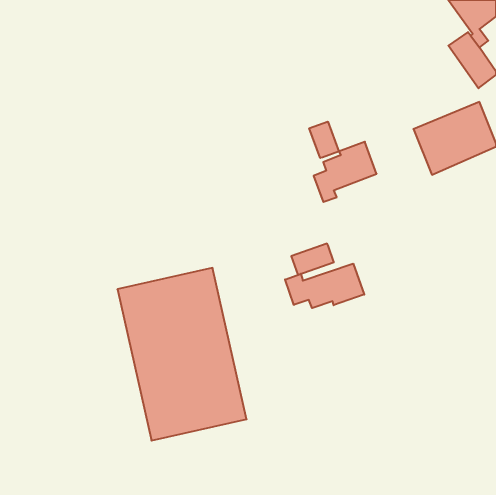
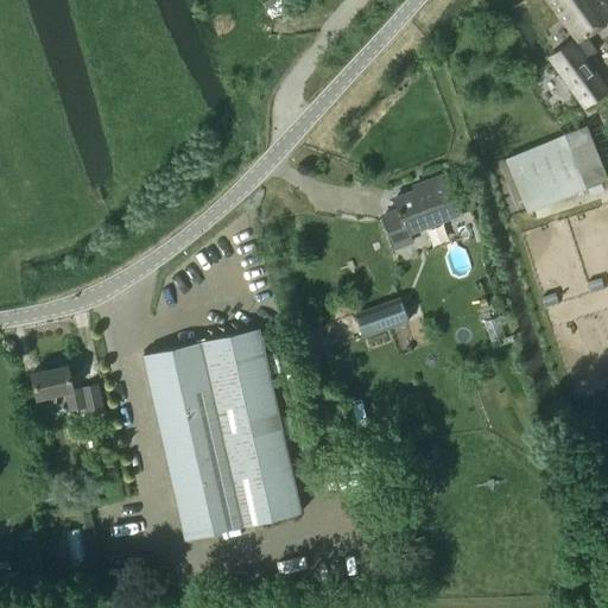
building: [309,122,339,158] -> none
building: [285,264,364,308] -> none
building: none -> [32,366,103,417]

